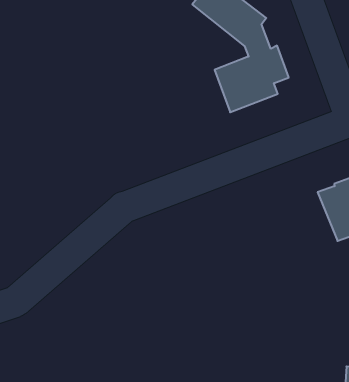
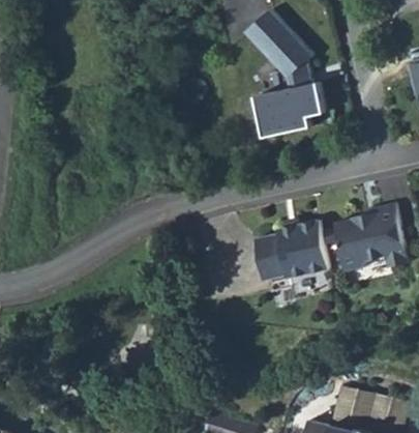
building: none -> [256,221,328,280]

